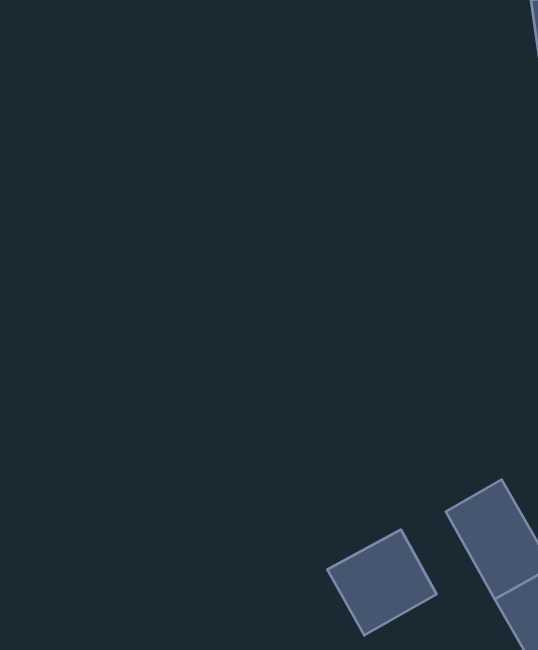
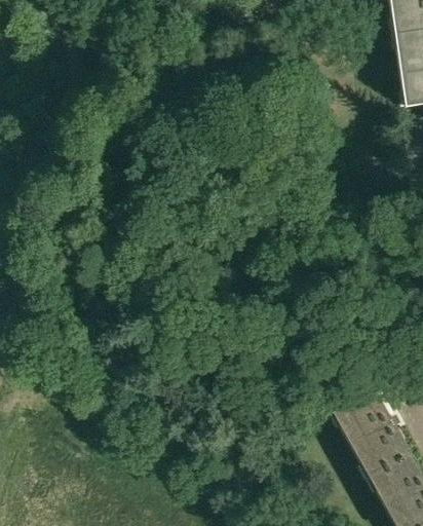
building: [327,530,436,635] -> none

